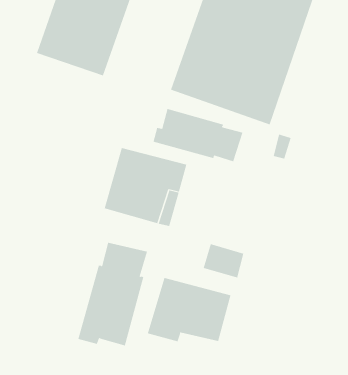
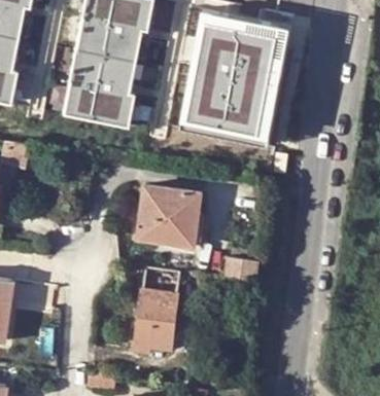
building: [153,108,243,162] -> none
building: [147,277,231,342] -> none

